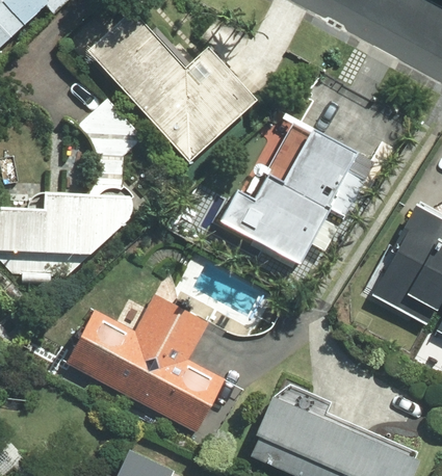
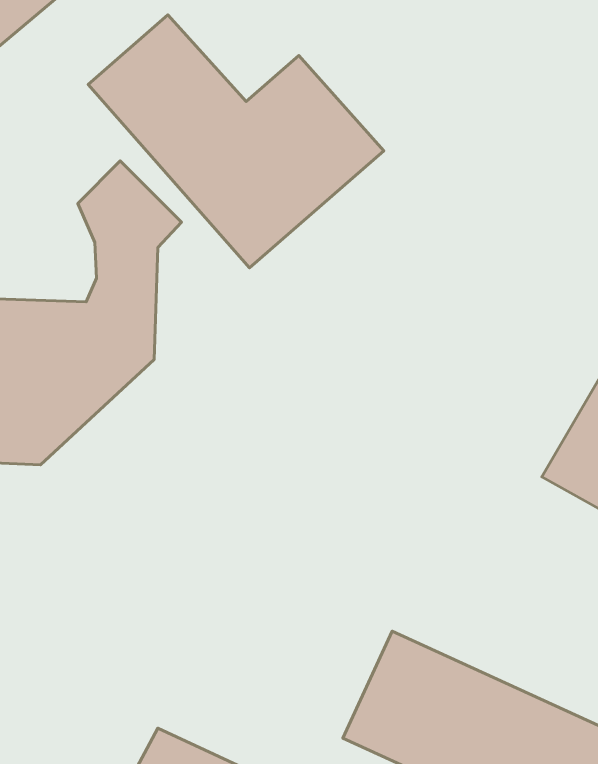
building: [220,121,362,265] -> none
building: [64,297,228,433] -> none

